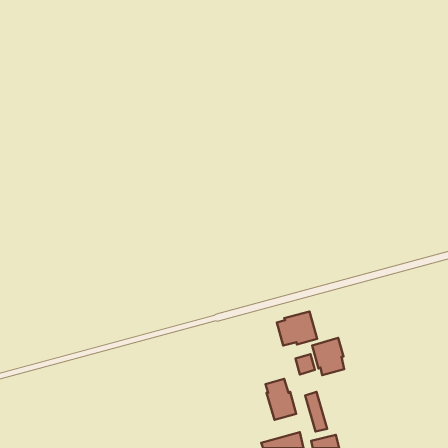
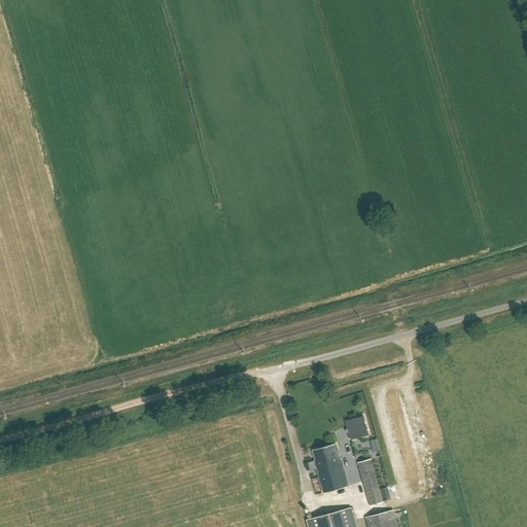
building: [277,311,317,345] -> none
building: [312,338,344,375] -> none

